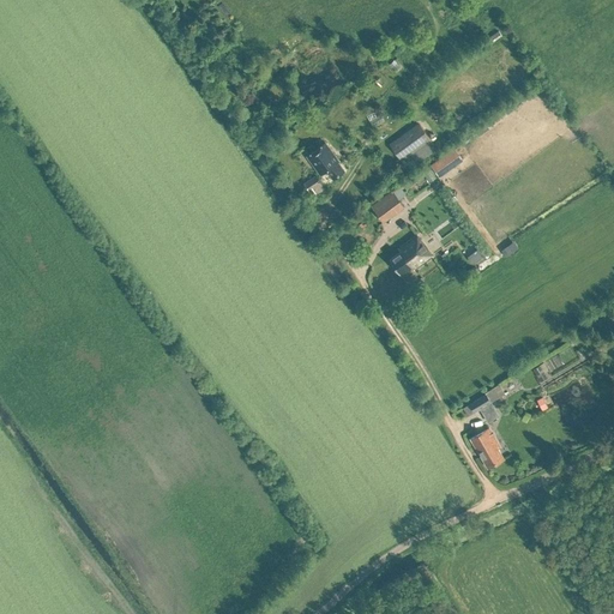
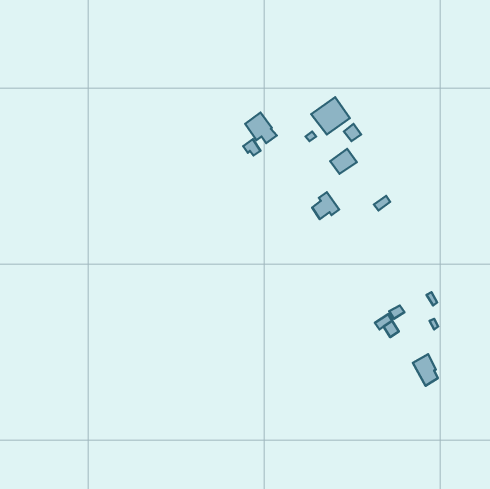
building: [371,192,404,223] -> [330,149,357,174]
building: [472,429,504,469] -> [413,354,438,386]

